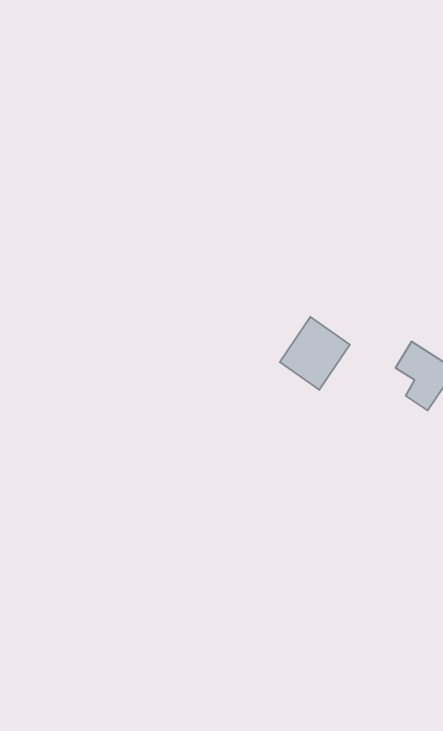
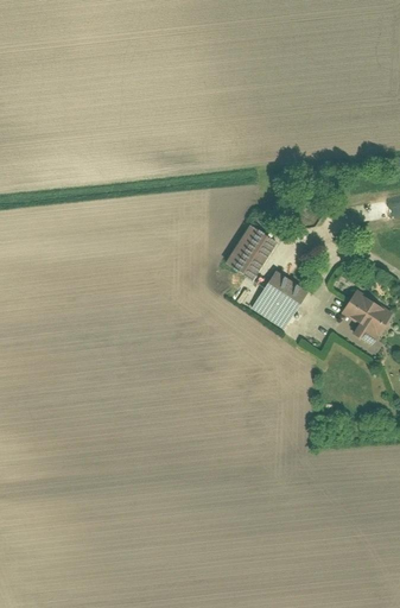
building: none -> [228,226,277,280]

